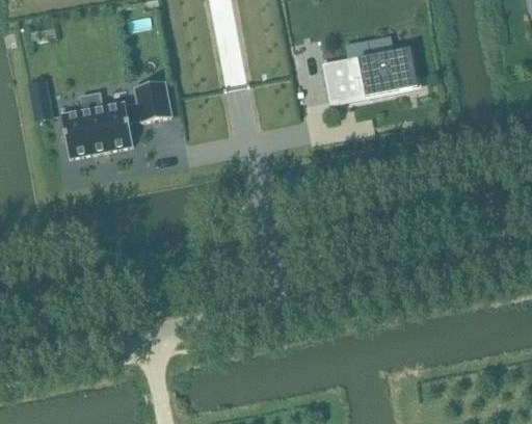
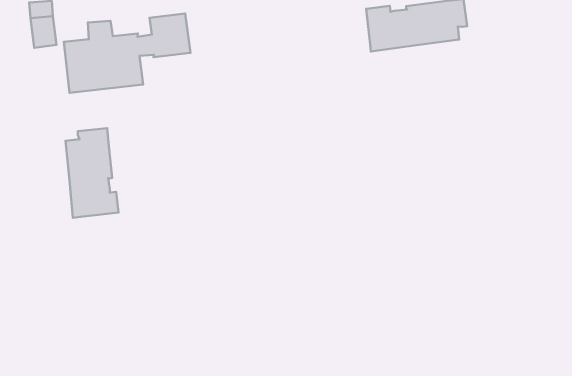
building: none -> [66,128,118,218]

